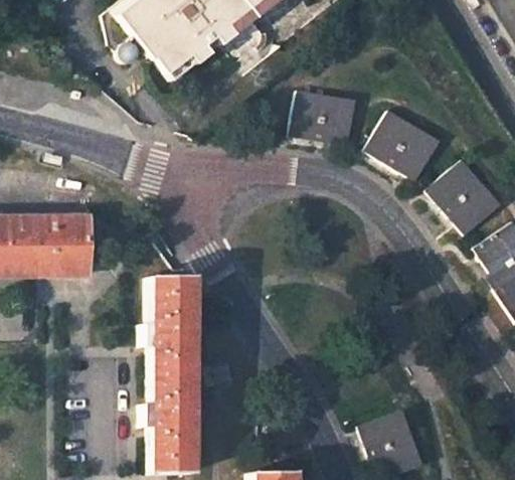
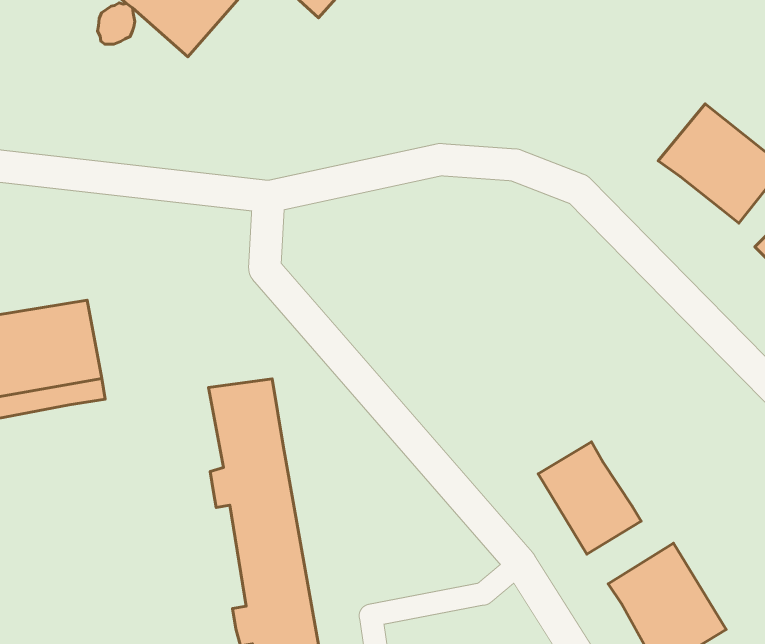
building: [292,88,357,142] -> none
building: [367,110,440,177] -> none
building: none -> [538,442,641,554]

